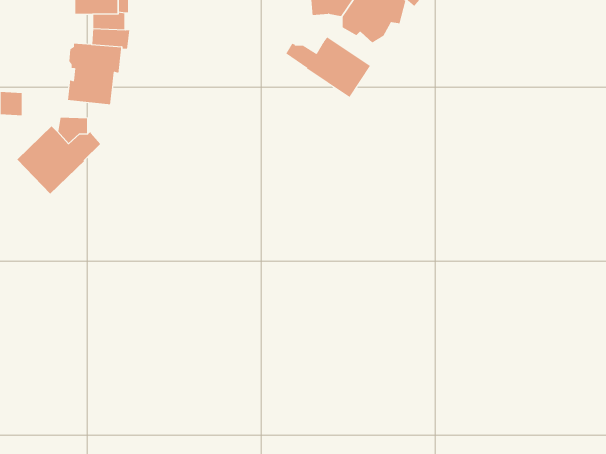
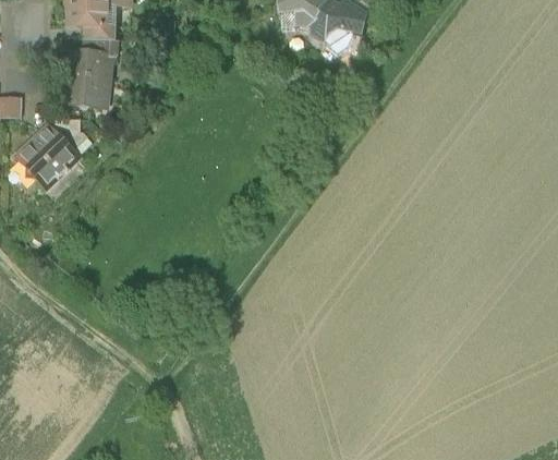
building: [286,36,371,98] -> none

